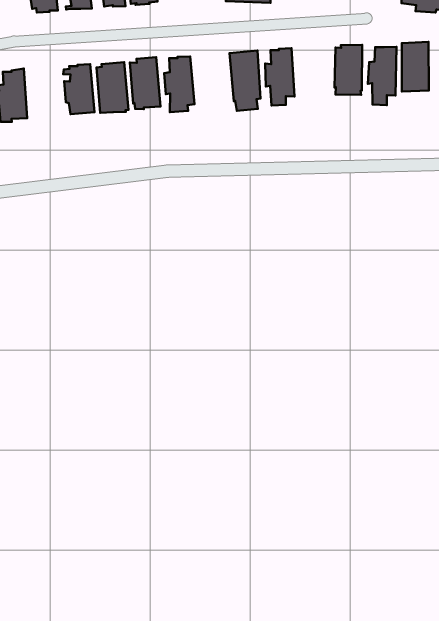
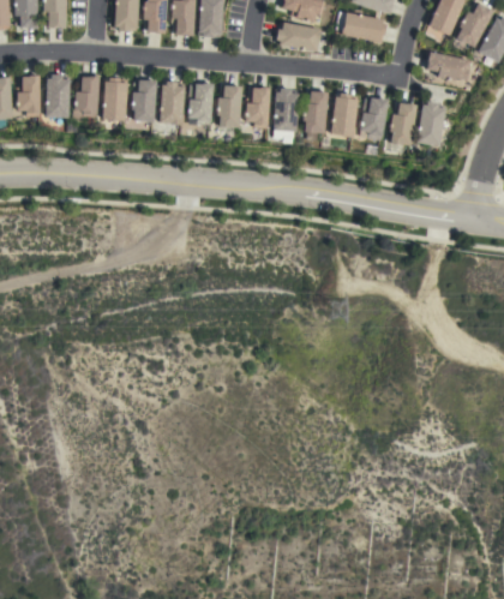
building: none -> [331,94,359,137]
building: none -> [246,86,270,128]
building: none -> [103,78,128,121]

